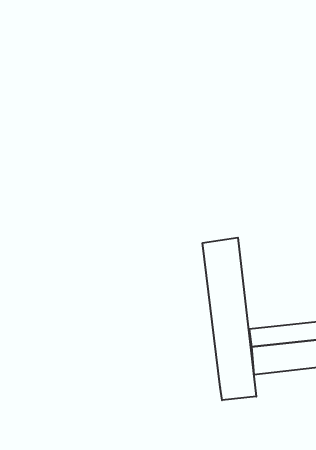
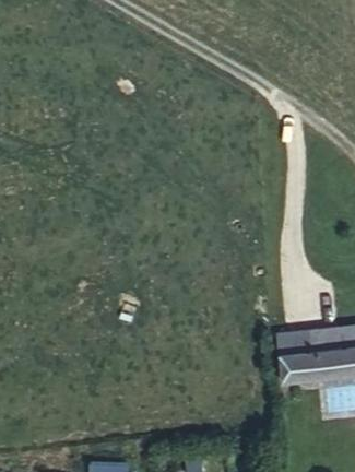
building: [203,238,256,400] -> none

